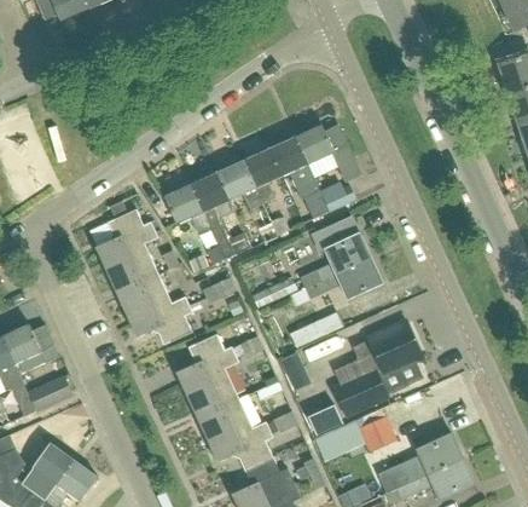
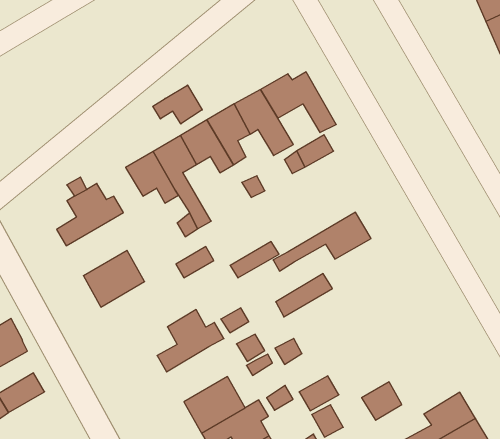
building: none -> [153,85,202,124]
building: [301,217,371,288] -> none
building: [103,243,158,292] -> none
building: [129,296,192,345] -> none
building: [335,321,423,415] -> none
building: [184,368,239,416] -> none

